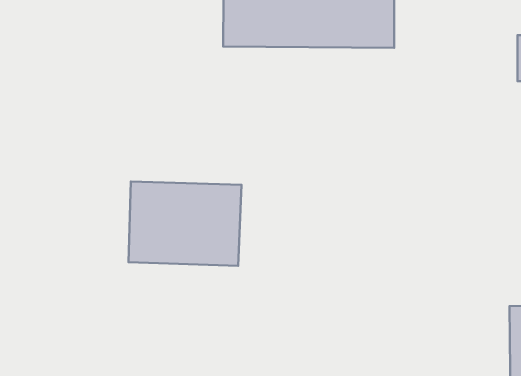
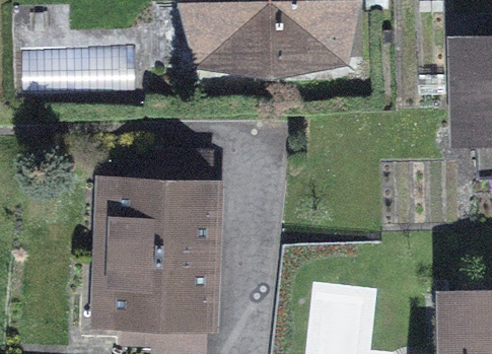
building: none -> [112,254,211,329]

